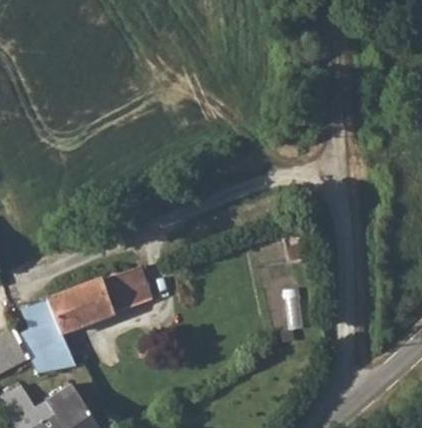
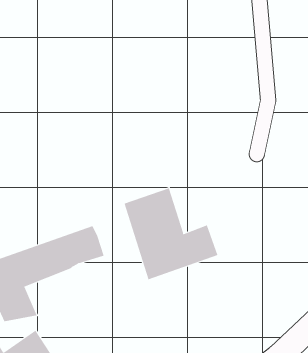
building: none -> [124,187,218,280]

